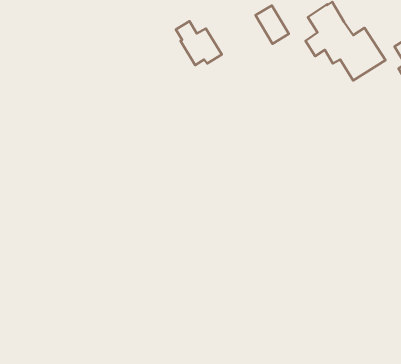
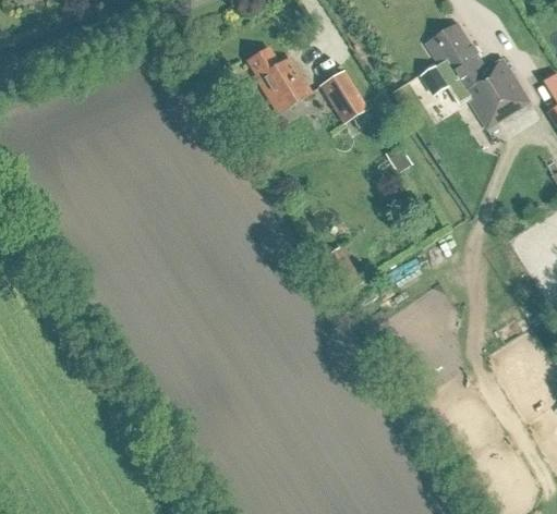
building: [256,6,289,44] -> [320,71,365,122]

